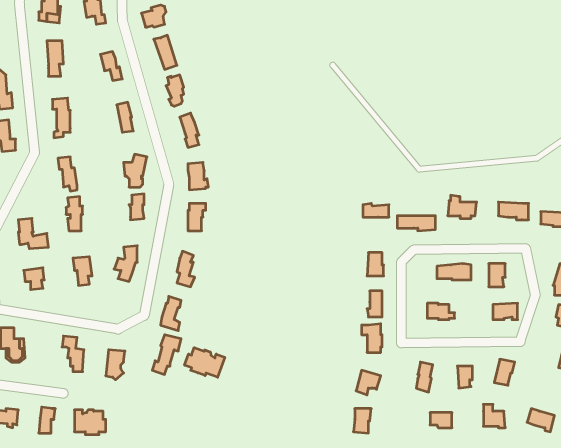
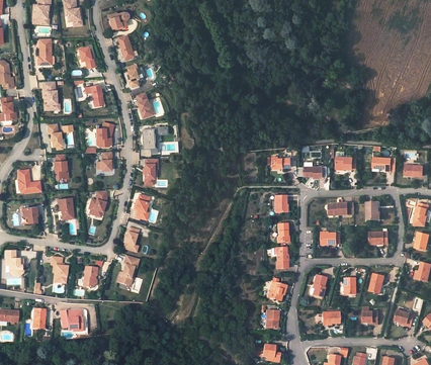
building: [185,348,225,377] -> none

